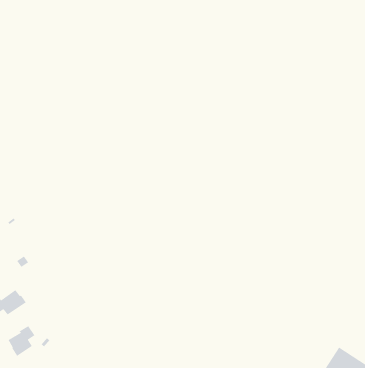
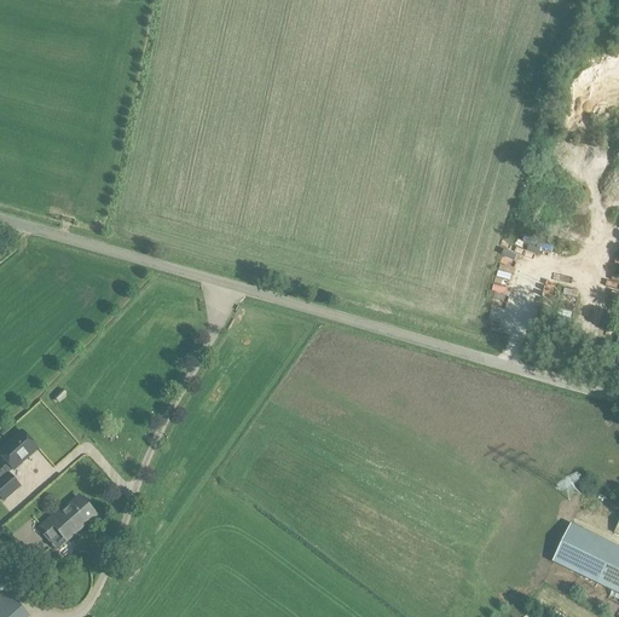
building: [7,325,36,357] -> none

